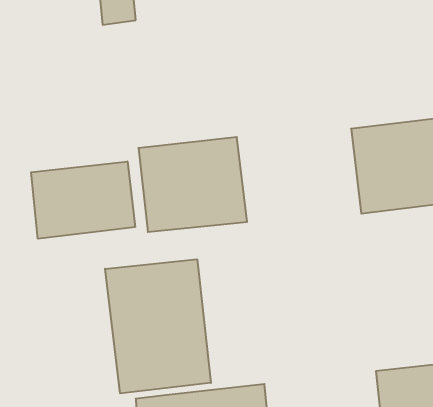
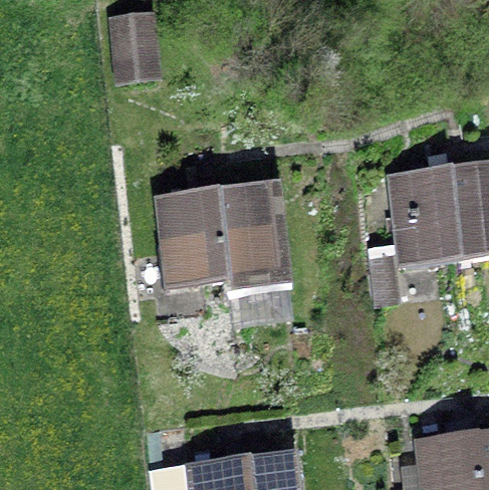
building: [31,161,135,239] -> none
building: [105,259,211,393] -> none

